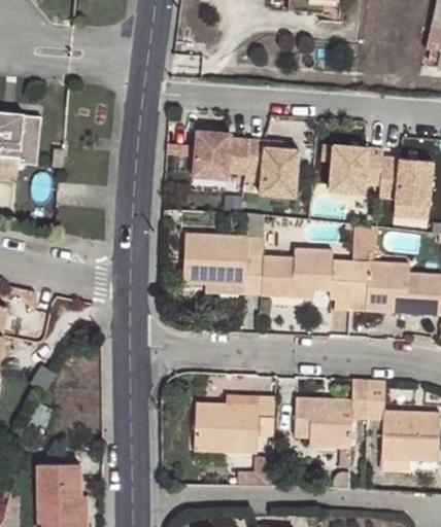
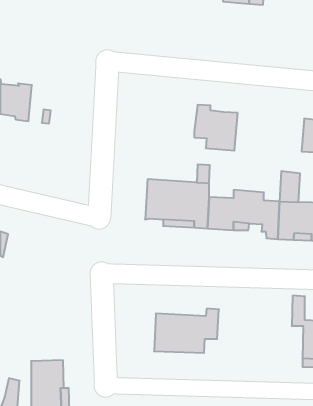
building: [192,131,248,179] -> none
building: [330,146,383,195] -> none
building: [296,379,368,448] -> none

